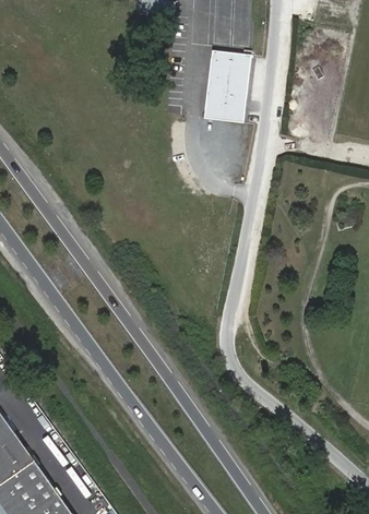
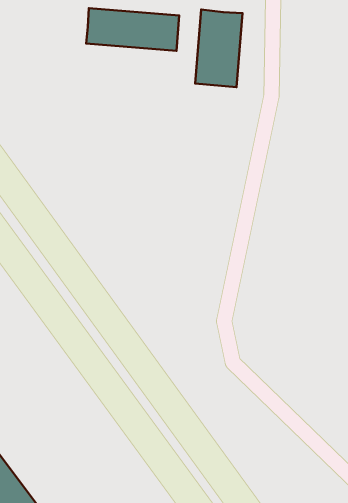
building: none -> [86,8,179,51]

